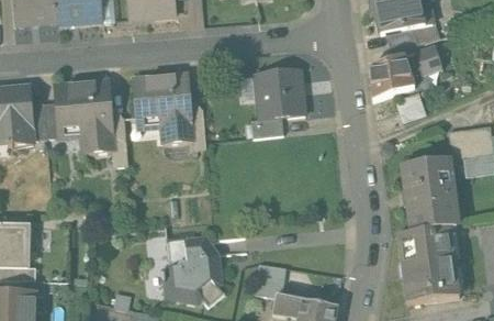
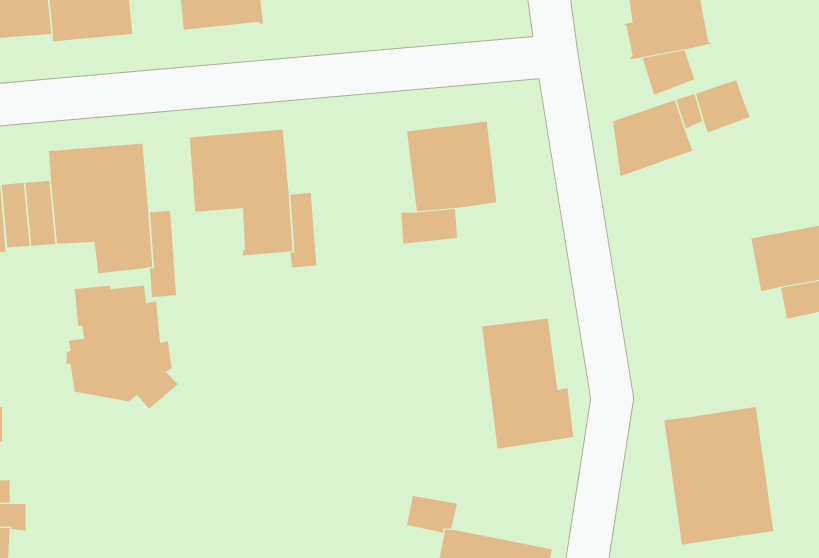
building: [404,159,456,232] -> [481,318,574,449]
building: [161,236,224,306] -> [66,285,179,410]

